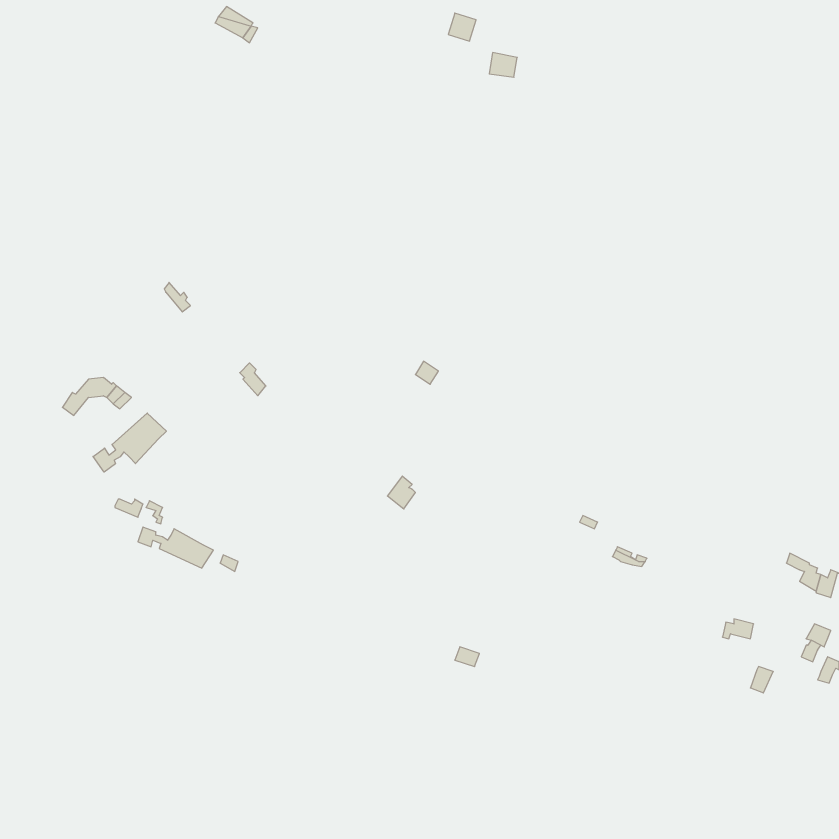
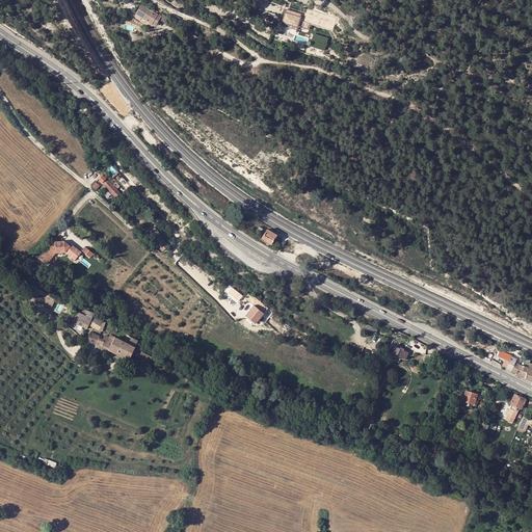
building: [93,413,166,472] -> none

